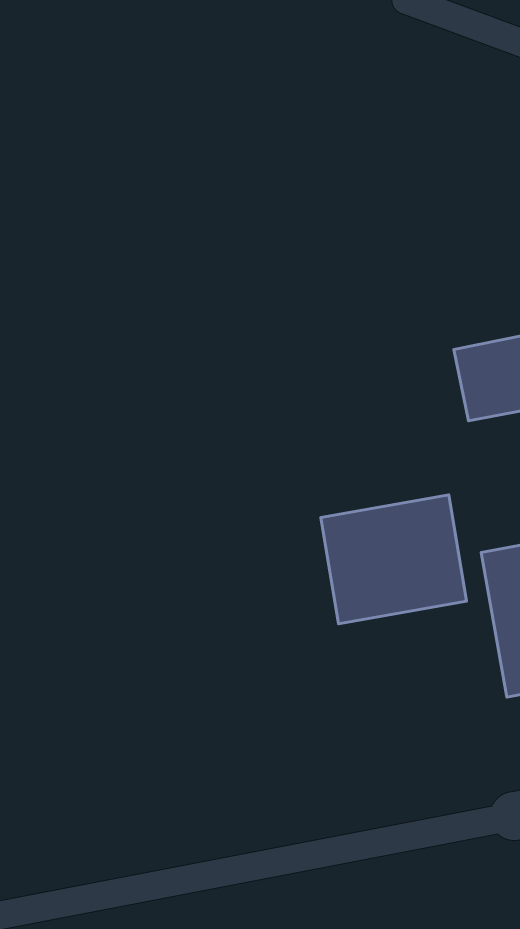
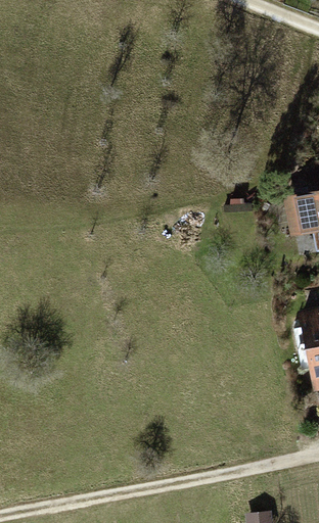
building: [321,495,467,624] -> none

